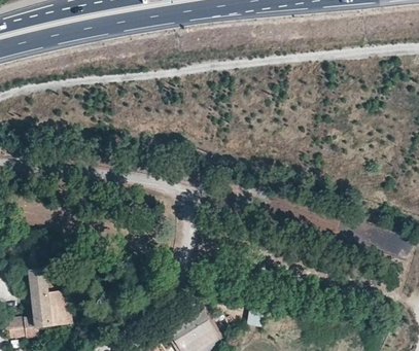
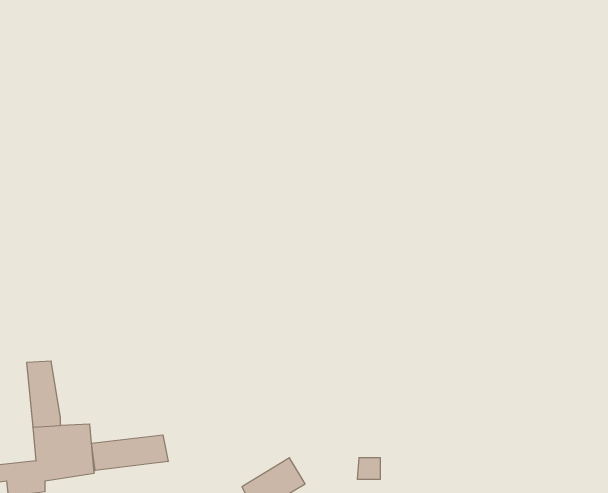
building: none -> [91,435,168,471]

